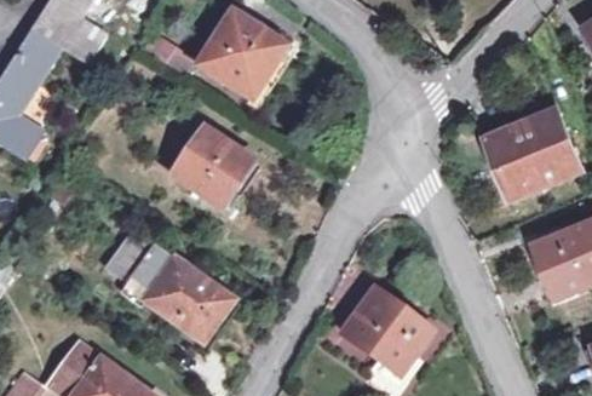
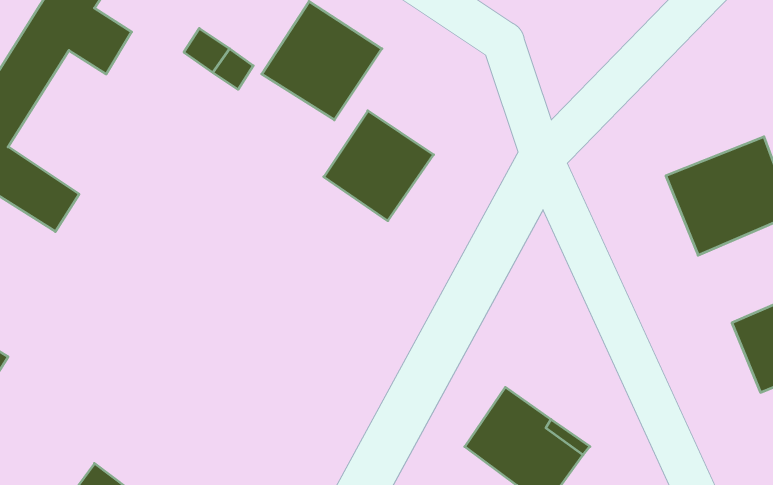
building: [173,128,252,207] -> [324,111,434,221]
building: [113,245,230,342] -> none

